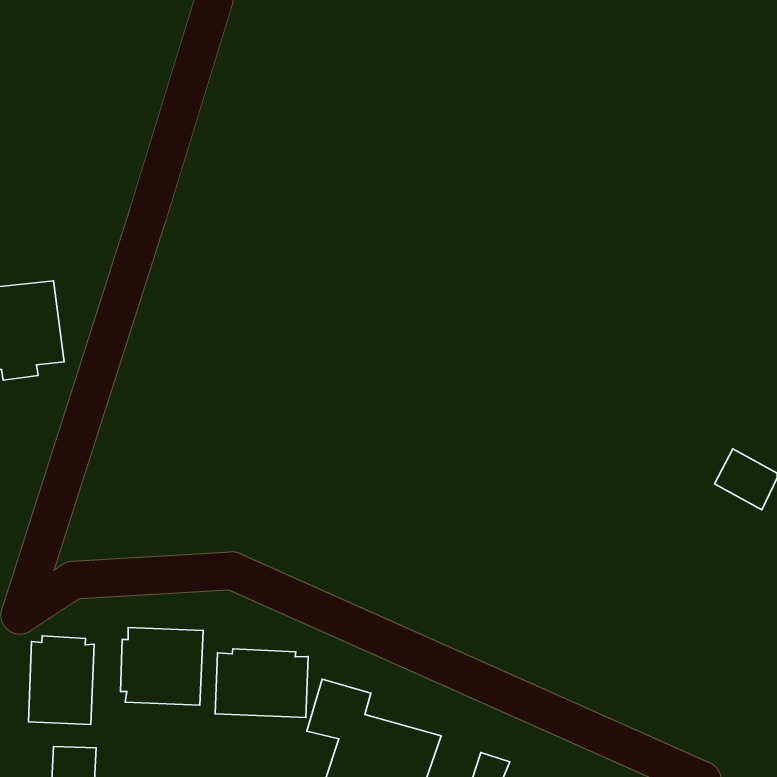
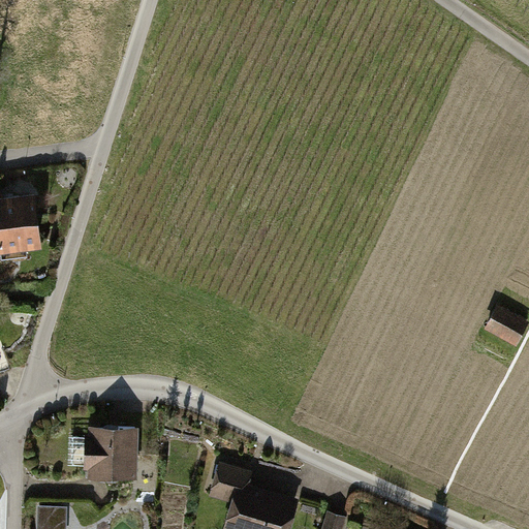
building: [28,636,94,724] -> none
building: [215,649,308,718] -> none

